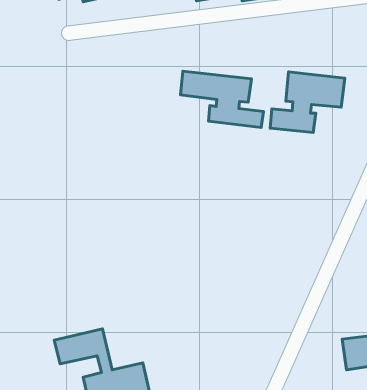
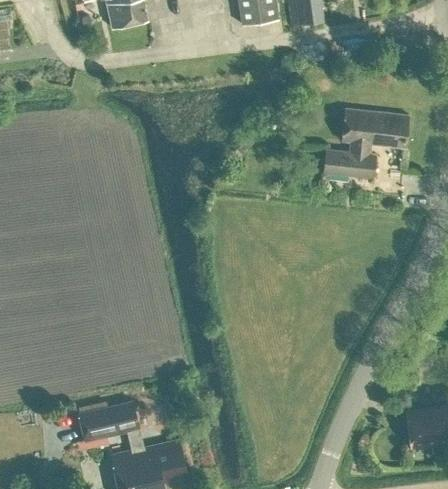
building: [181,71,263,127] -> none

